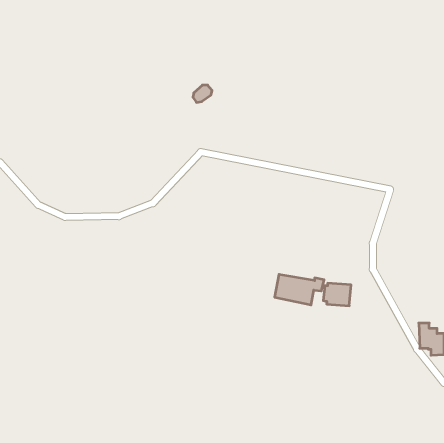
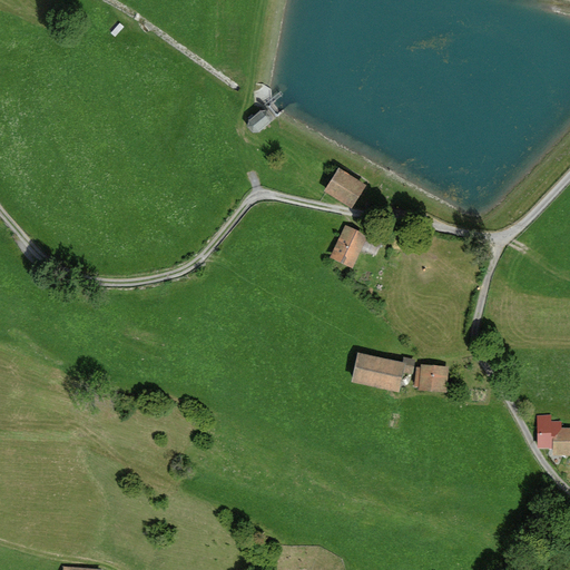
building: none -> [324,167,366,207]
building: none -> [330,225,381,267]

